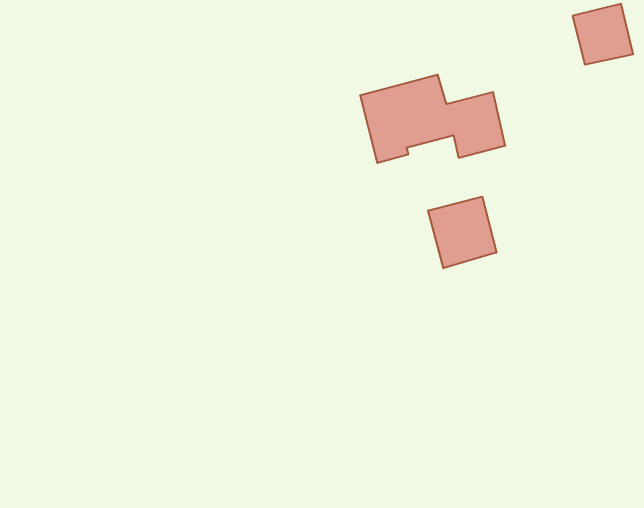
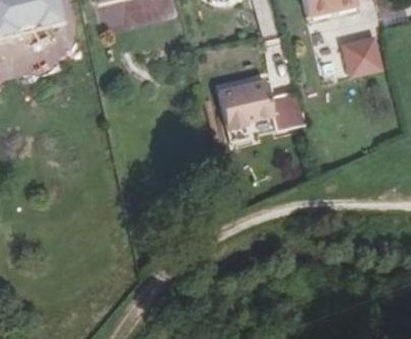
building: [428,197,497,268] -> none

